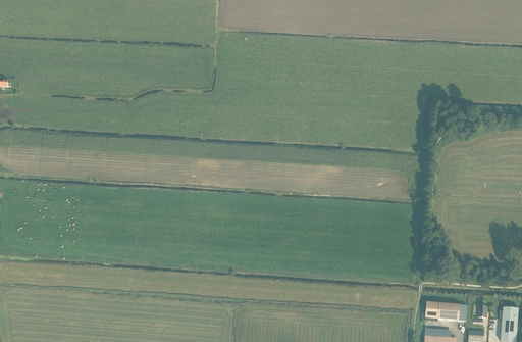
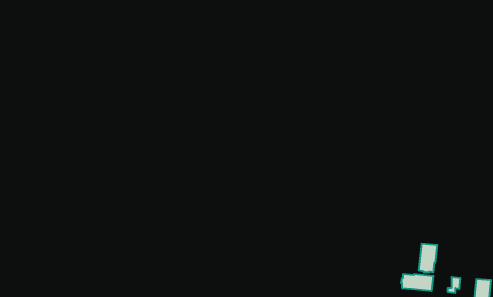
building: none -> [419,244,437,273]

